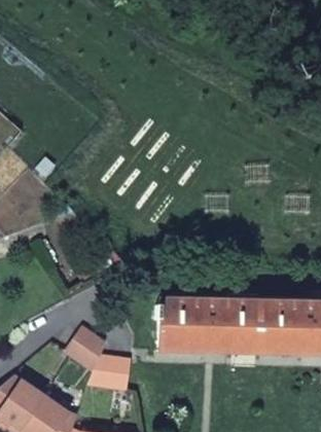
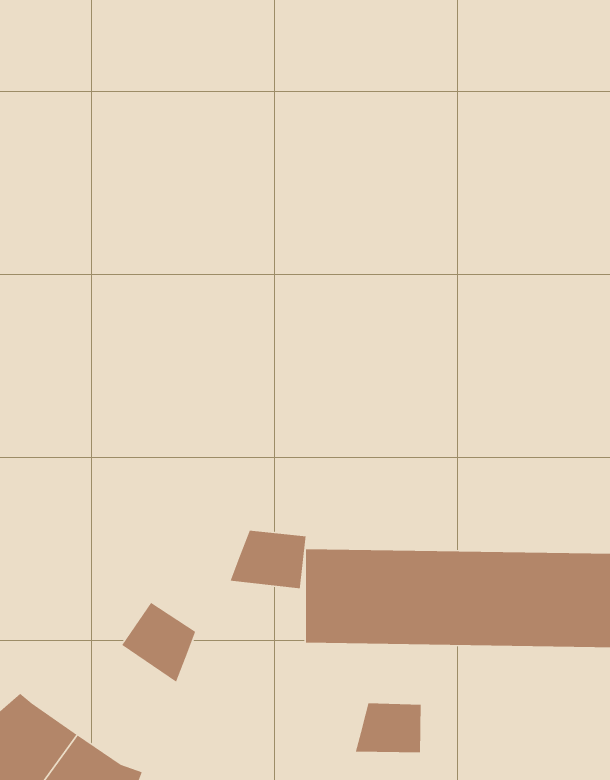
building: [90,356,130,387] -> [229,530,307,589]
building: none -> [355,702,421,753]

